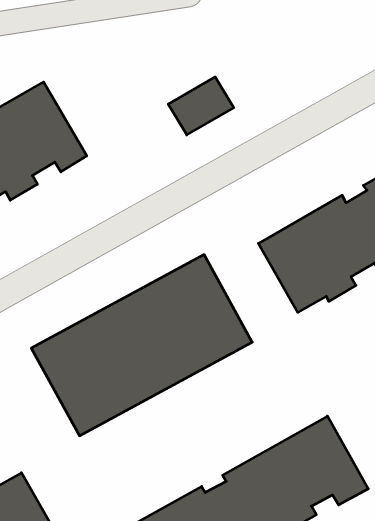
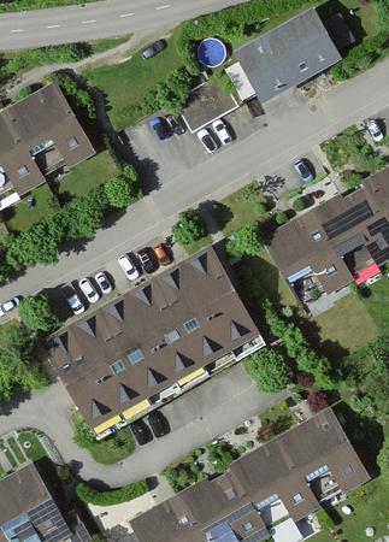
building: none -> [234,11,340,102]

